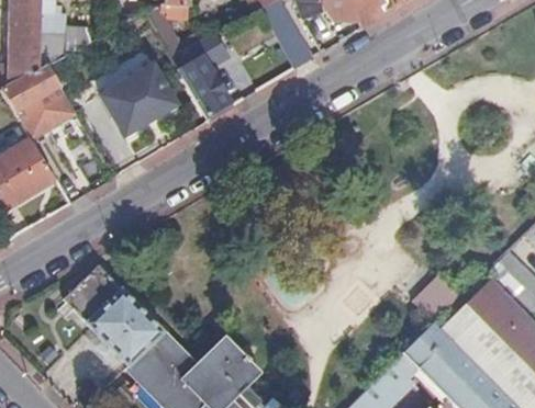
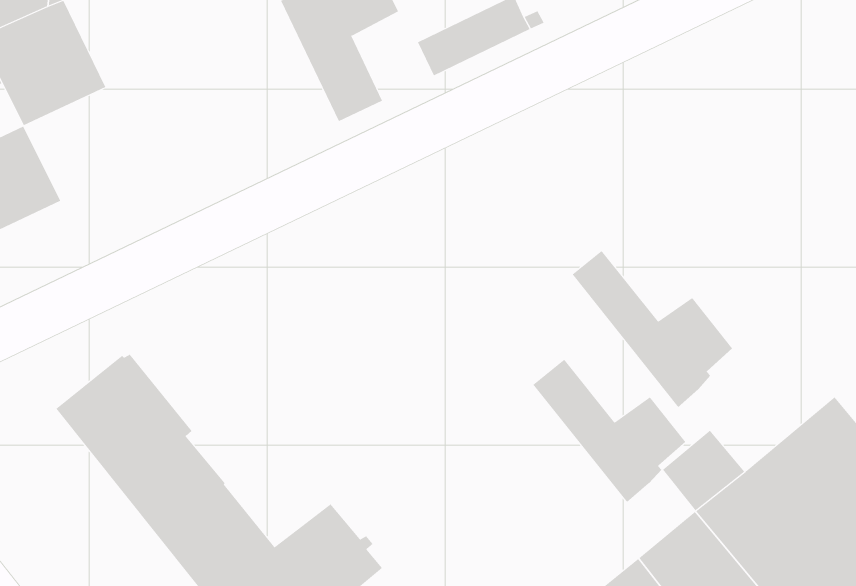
building: [100,64,179,136] -> none
building: none -> [572,250,733,408]
building: none -> [533,359,686,503]

